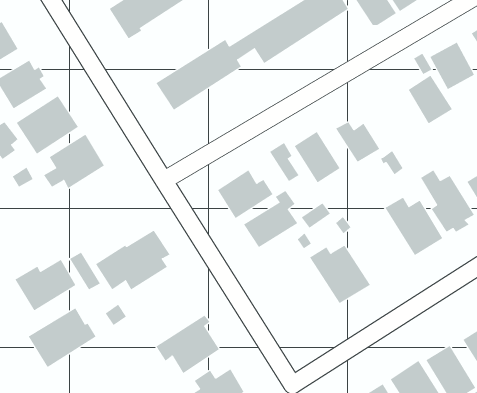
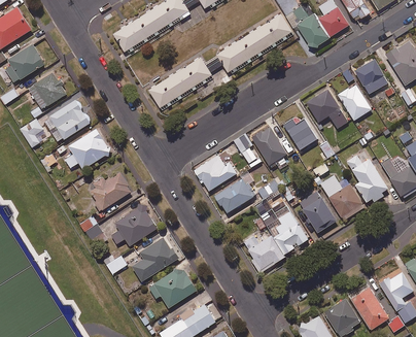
building: none -> [307,89,348,129]
building: none -> [299,189,337,233]
building: [15,259,76,311] -> [85,172,132,211]
building: none -> [242,235,286,272]
building: [28,308,96,368] -> [128,236,179,281]

